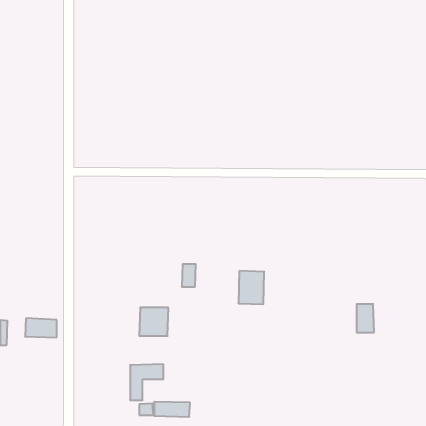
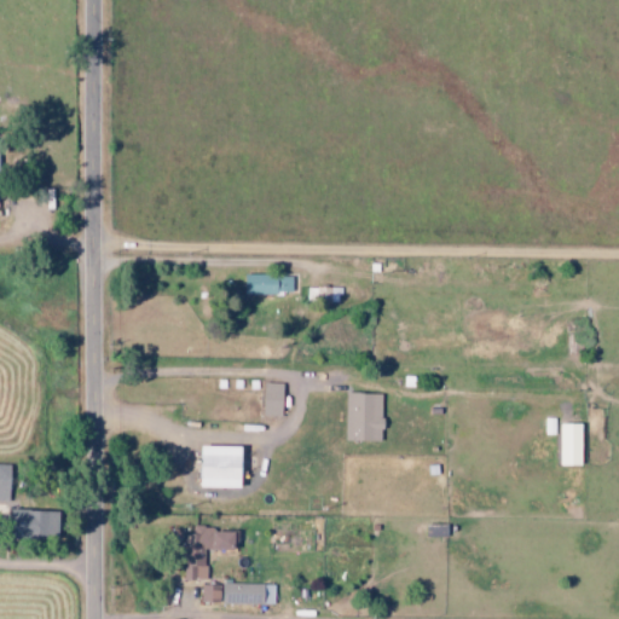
building: none -> [245,274,294,294]
building: [357,304,374,332] -> [559,424,584,465]
building: [25,318,57,337] -> [15,509,60,537]

